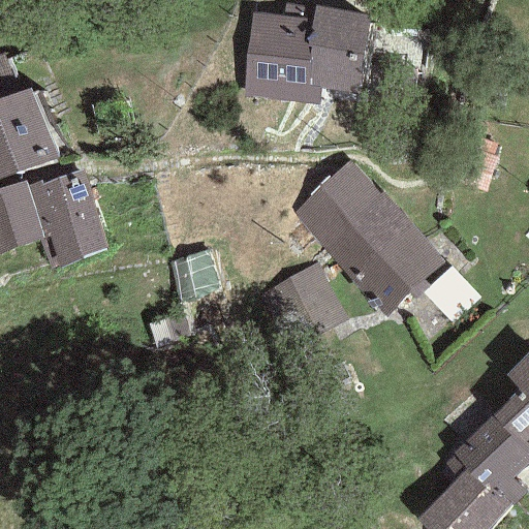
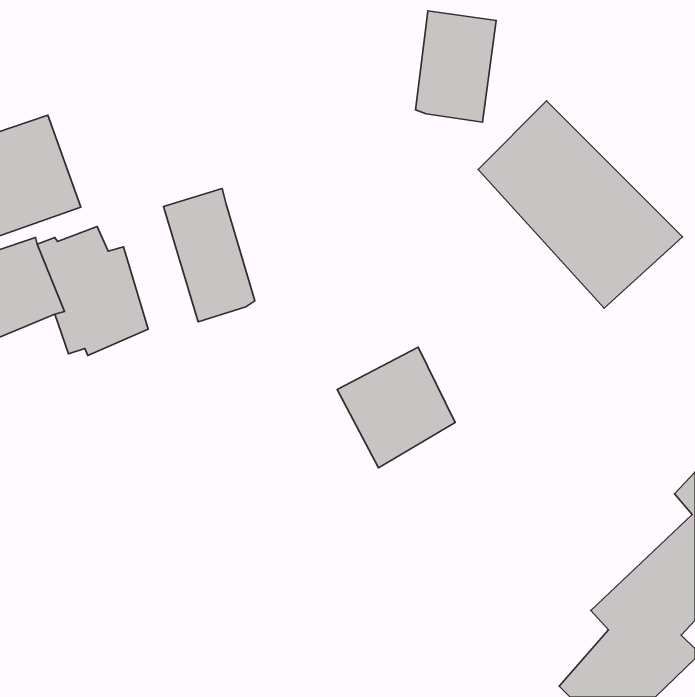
building: [241,12,321,103] -> none
building: none -> [164,189,255,322]
building: [294,159,448,315] -> [478,101,682,308]

